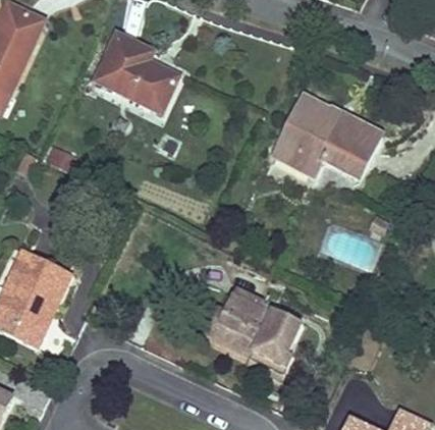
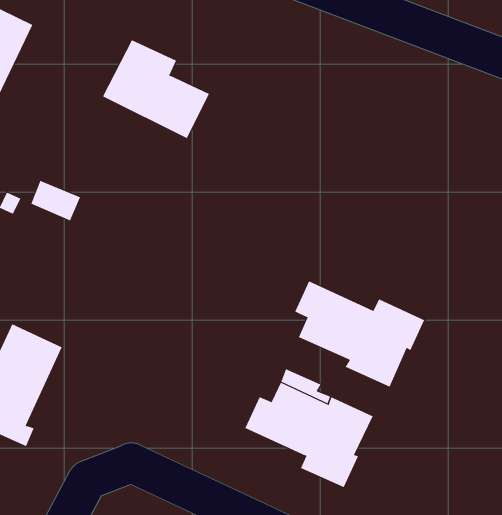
building: [275,95,381,175] -> none
building: none -> [294,281,425,388]

